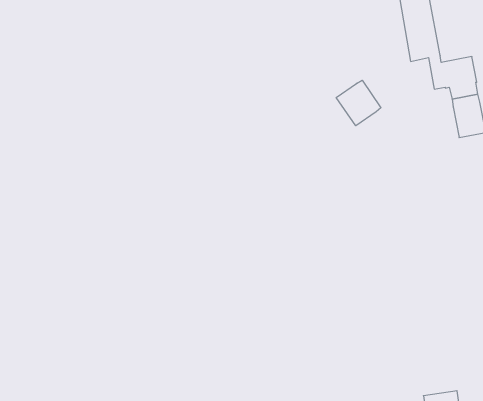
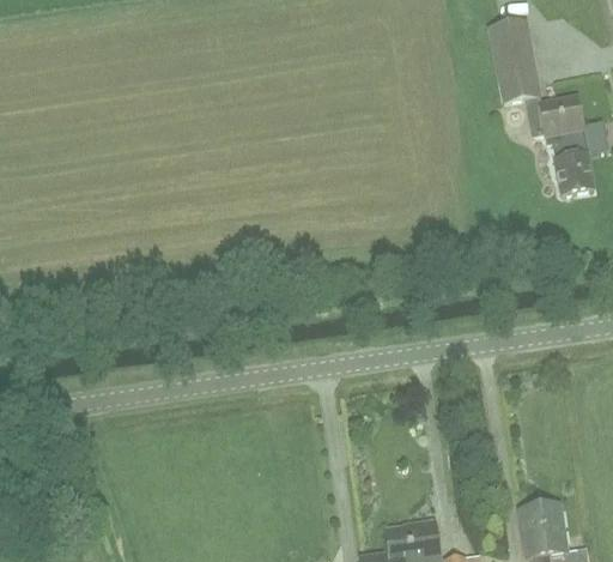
building: [336,80,381,126] -> none

